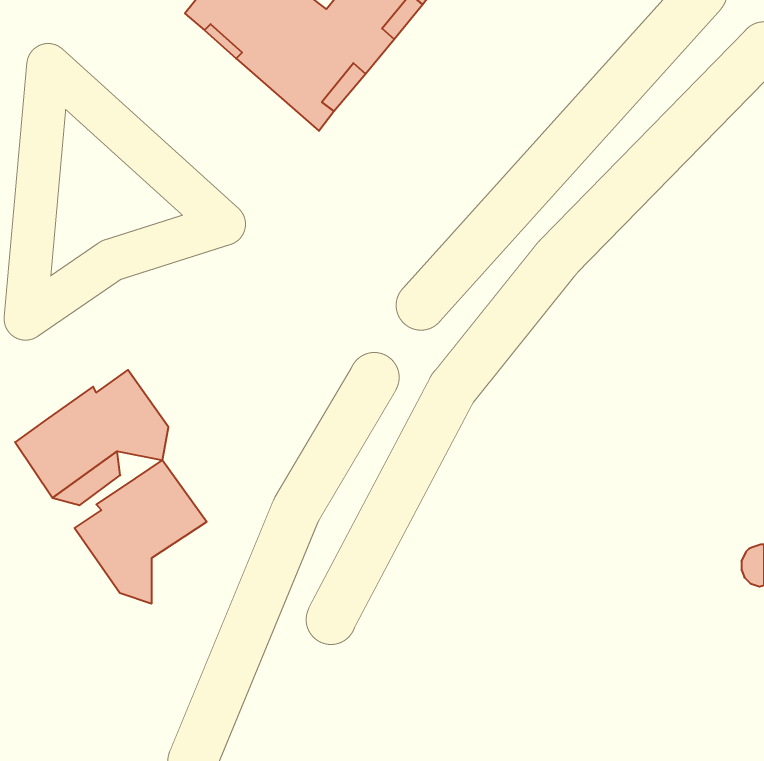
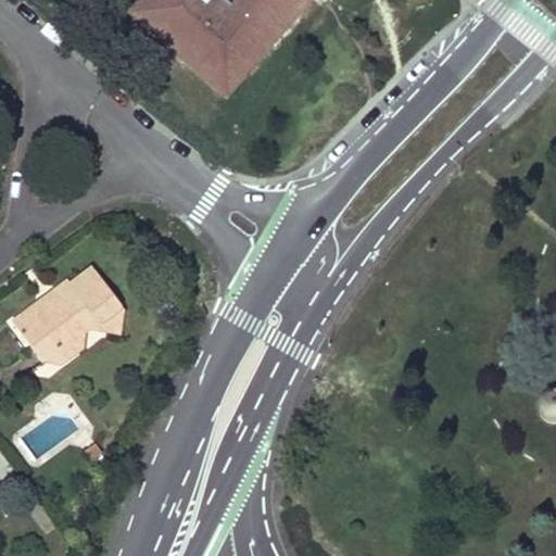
building: [75,460,207,604] -> none

